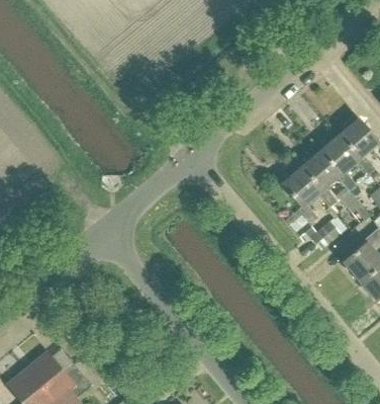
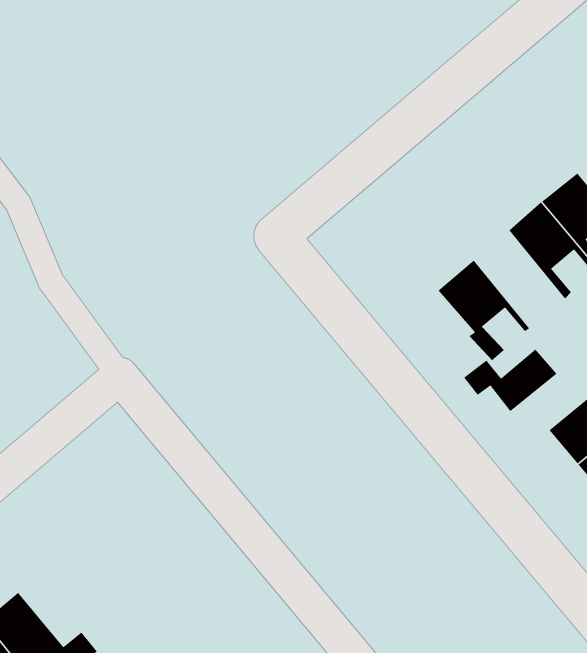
building: [301,150,352,205] -> none

